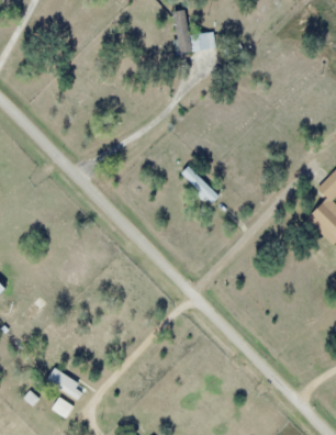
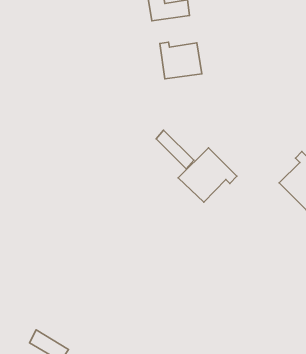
building: none -> [160,42,202,79]
building: none -> [178,148,237,202]

